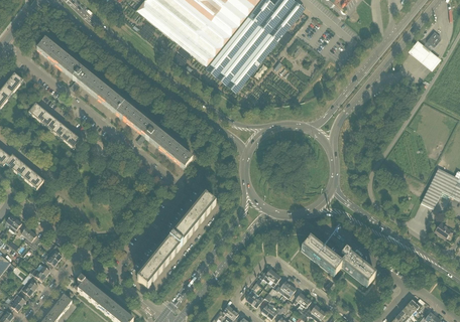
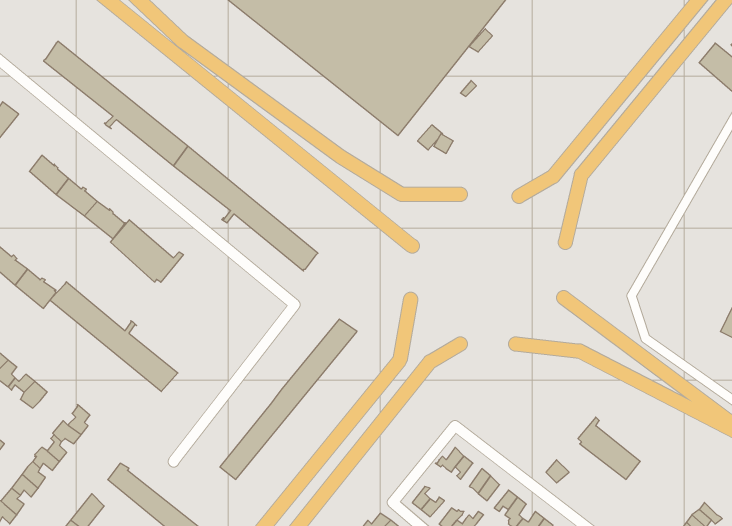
building: none -> [110,220,183,282]
building: none -> [50,282,178,392]
building: [300,237,349,274] -> none

